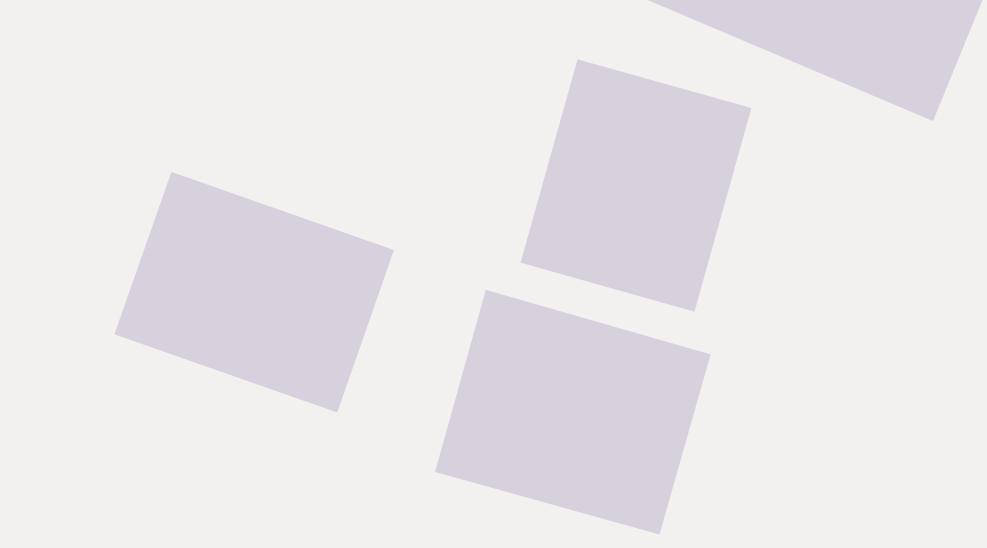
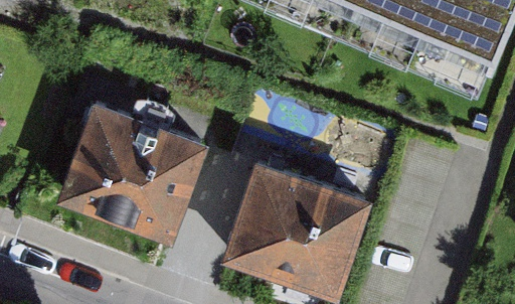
building: [520,58,752,312] -> none

